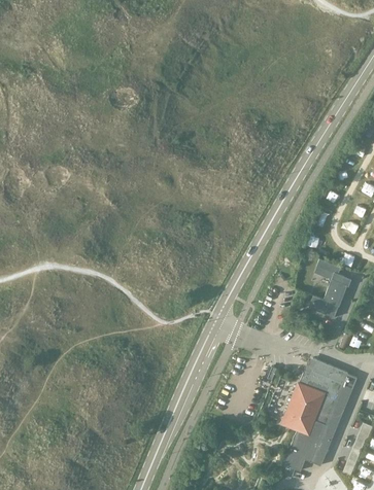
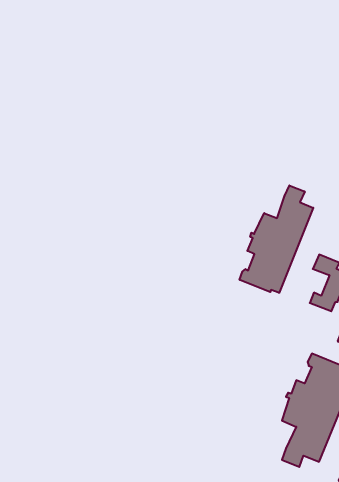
building: none -> [240,185,313,293]

